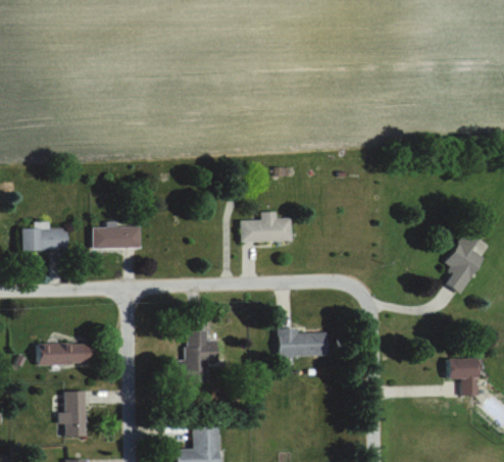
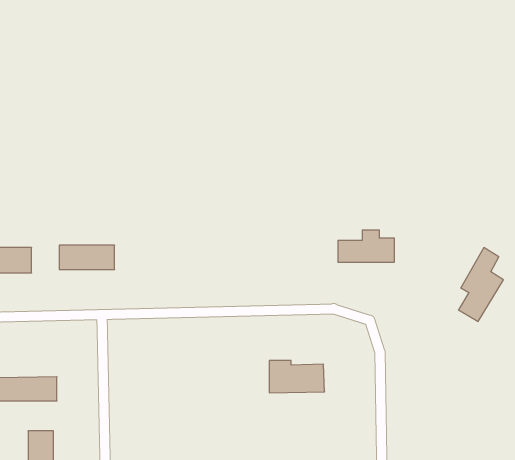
building: [241,212,291,241] -> [338,230,394,262]
building: [177,330,218,382] -> none
building: [449,358,480,396] -> none

